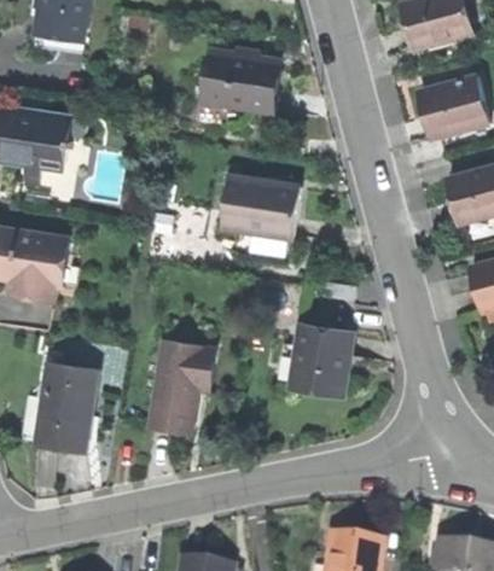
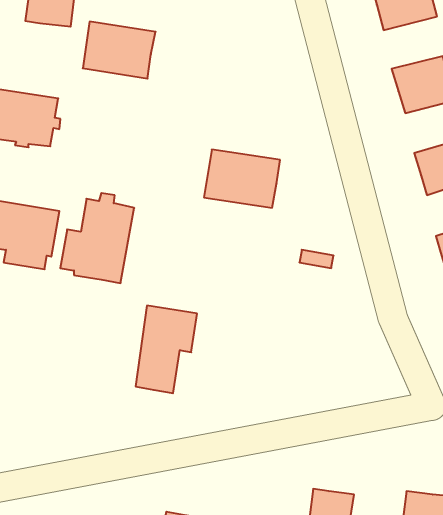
building: [202,51,279,111] -> [83,22,156,79]
building: [277,325,353,395] -> none
building: [21,356,99,451] -> [60,193,134,283]

